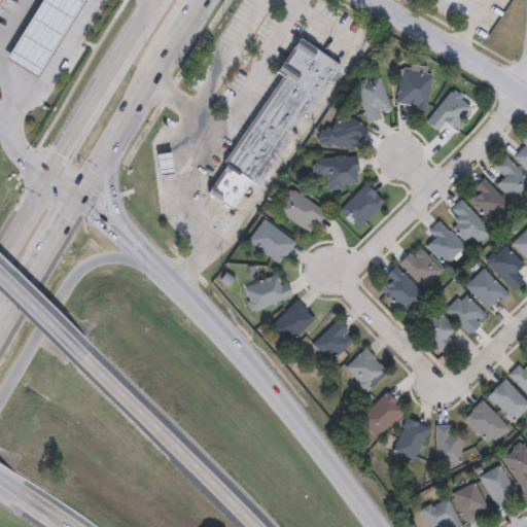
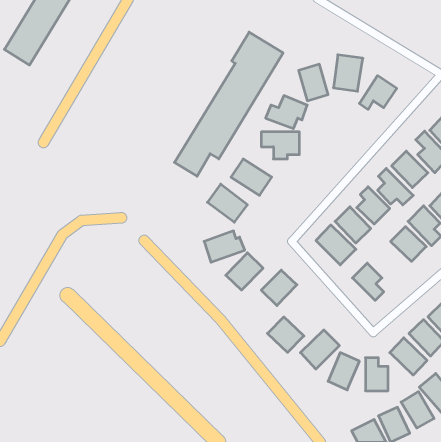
building: [341,183,384,227] -> none
building: [447,292,488,333] -> none
building: [346,348,389,390] -> [267,317,304,352]

